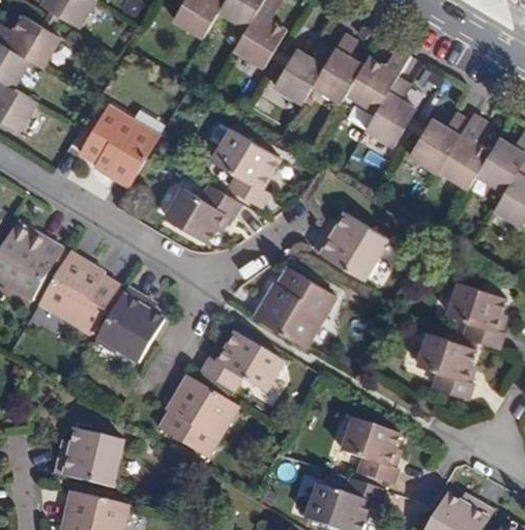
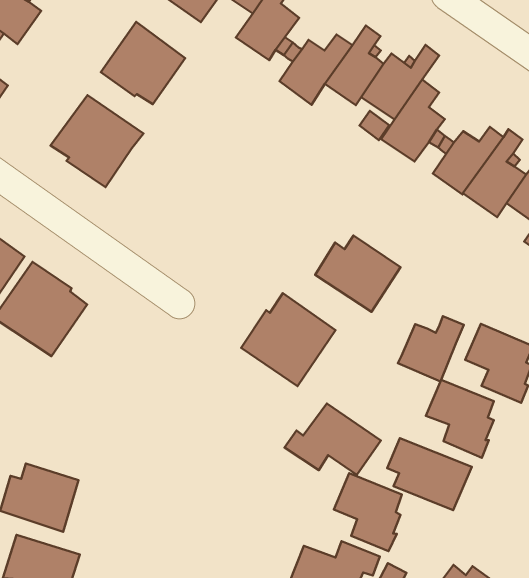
building: none -> [101,22,185,104]
building: [211,129,279,207] -> none
building: [164,185,239,241] -> none
building: none -> [398,316,464,382]
building: [96,289,163,363] -> none
building: [201,333,284,393] -> [285,404,381,475]
building: [159,376,237,458] -> none
building: none -> [387,438,472,510]

